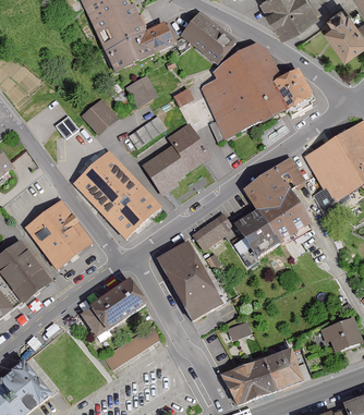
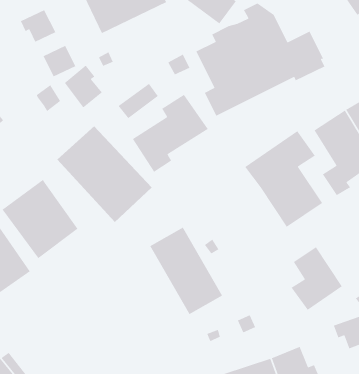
building: none -> [20,9,57,43]
building: [126,78,157,108] -> [42,45,76,78]
building: [233,208,280,266] -> [290,246,343,311]
building: [192,213,231,251] -> none
building: [80,283,146,341] -> none
building: [104,325,161,370] -> none

